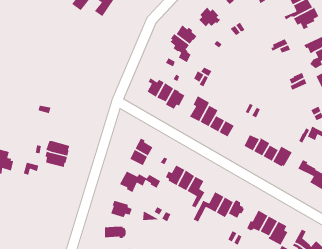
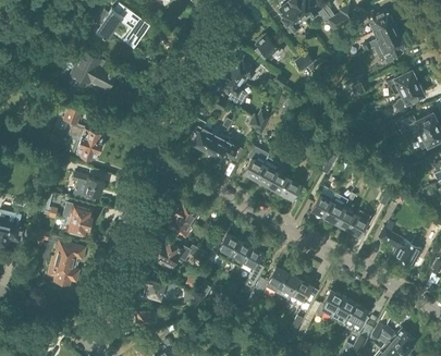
building: none -> [71,52,115,90]
building: none -> [63,106,103,160]
building: none -> [72,173,103,204]
building: none -> [48,241,85,285]

